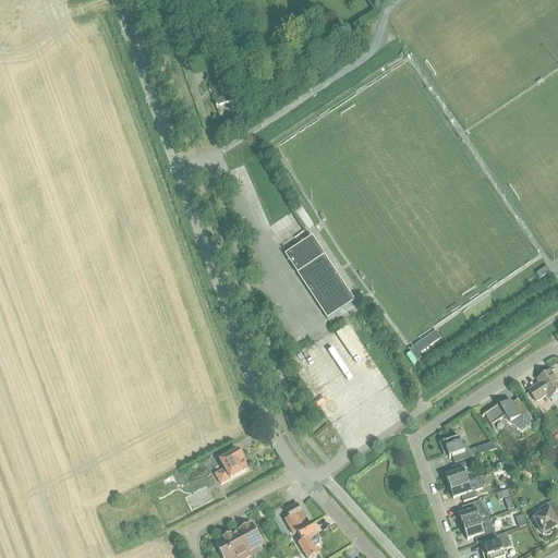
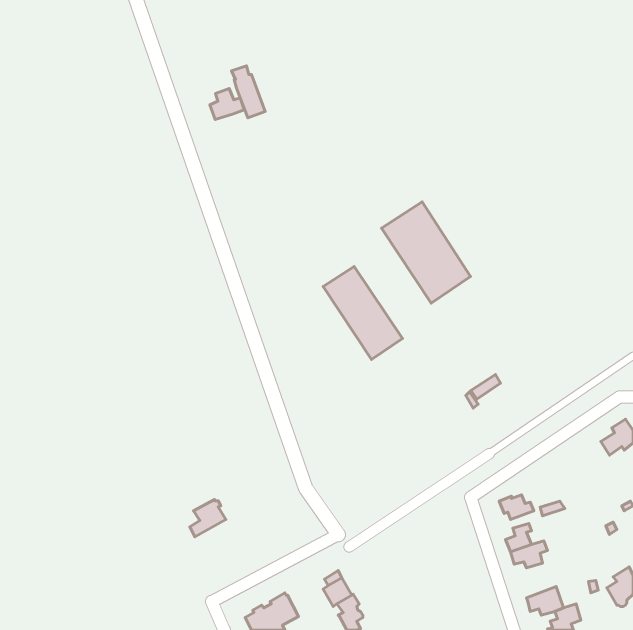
building: none -> [210,88,244,120]
building: none -> [381,202,470,303]
building: [478,397,534,429] -> none
building: [216,449,247,482] -> [190,500,226,537]
building: [459,498,489,525] -> none

